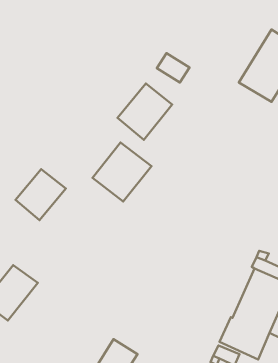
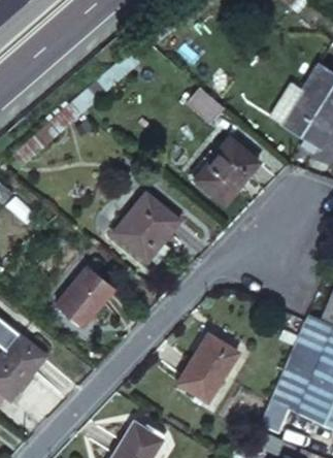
building: [117,83,172,140] -> [194,137,258,203]
building: [16,169,66,220] -> [54,266,112,326]
building: none -> [178,333,237,399]

